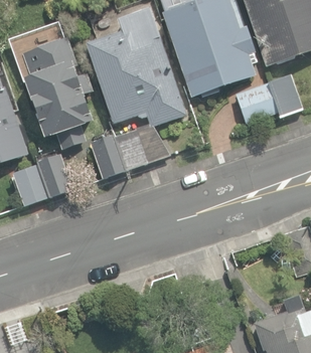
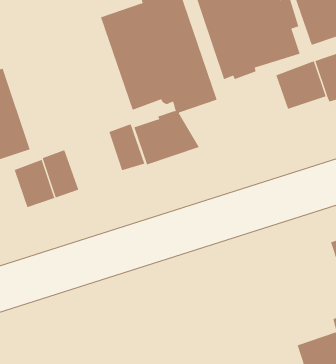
building: [16,35,95,150] -> none

